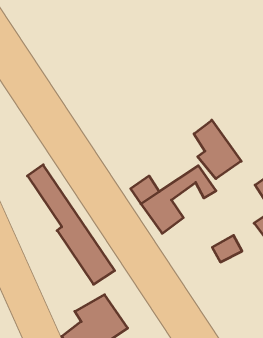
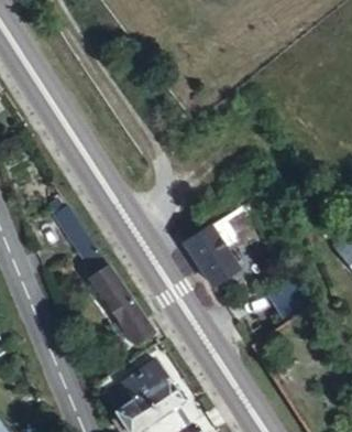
building: [194,120,241,179] -> none

